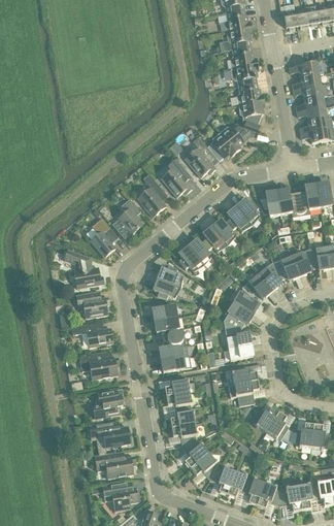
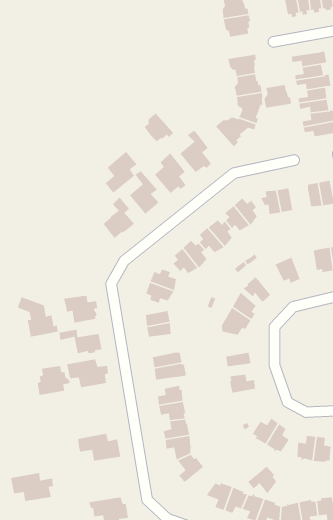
building: [230,44,257,67] -> [263,84,292,108]
building: [207,131,236,159] -> [144,112,174,142]
building: none -> [104,151,138,194]
building: [289,190,309,216] -> none
building: [90,216,119,256] -> none
building: [291,246,313,275] -> none
building: [64,248,103,287] -> [17,296,59,338]
building: [257,259,282,290] -> none
building: [225,325,250,348] -> none
building: [156,326,186,348] -> none
building: [228,379,259,404] -> none
building: [93,388,125,417] -> [37,365,71,396]
building: [94,450,135,478] -> [10,472,54,502]
building: [190,452,219,479] -> [247,466,278,494]

